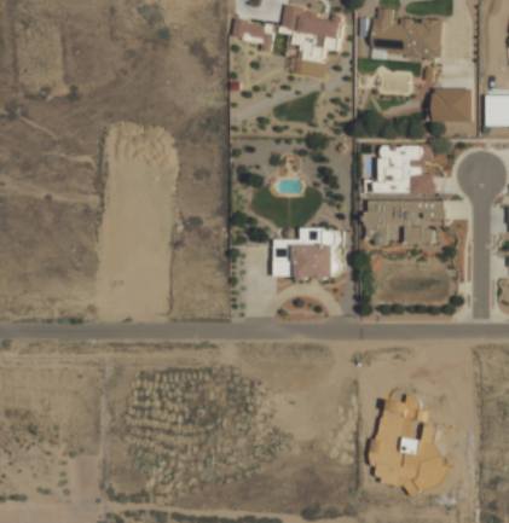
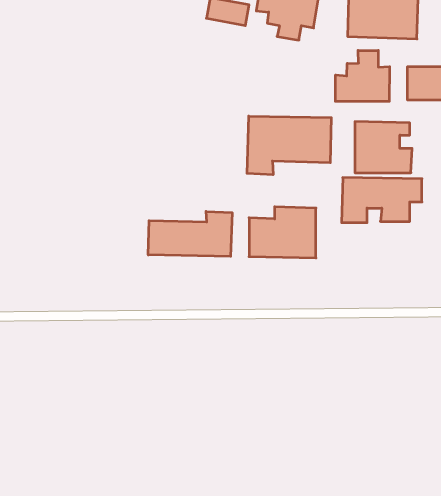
building: none -> [335,50,390,101]
building: none -> [247,116,331,175]
building: none -> [148,211,232,256]

